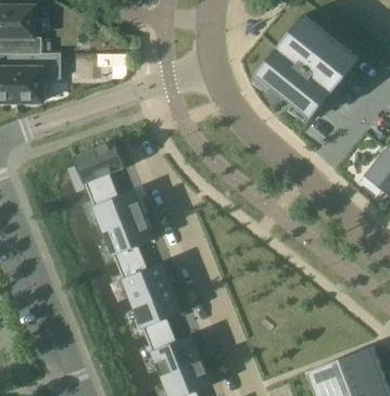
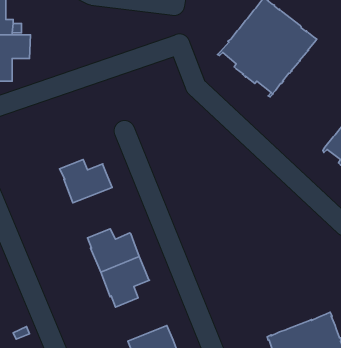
building: [74,141,125,194] -> none
building: [103,214,154,267] -> none
building: [148,330,202,375] -> none

